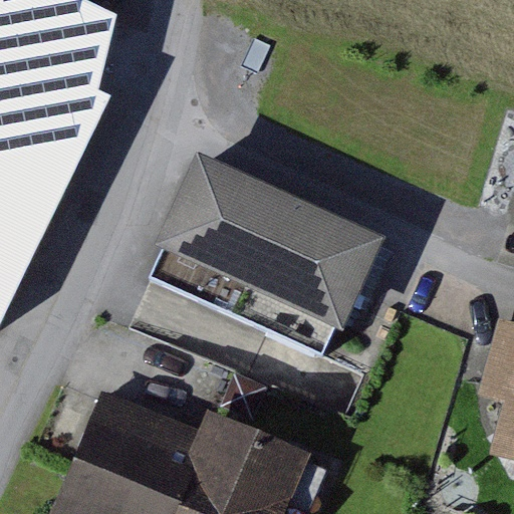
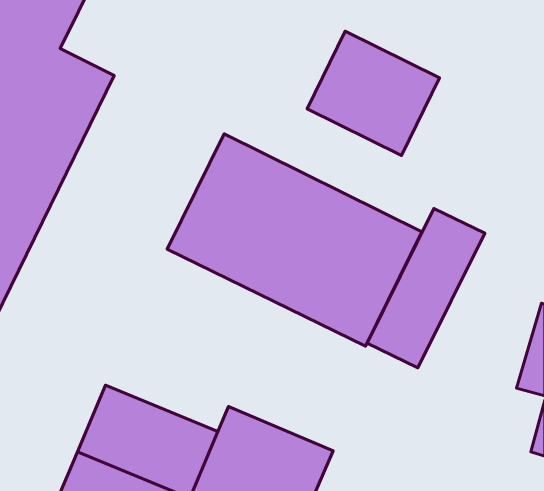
building: none -> [307,31,440,155]
building: none -> [367,208,485,368]

